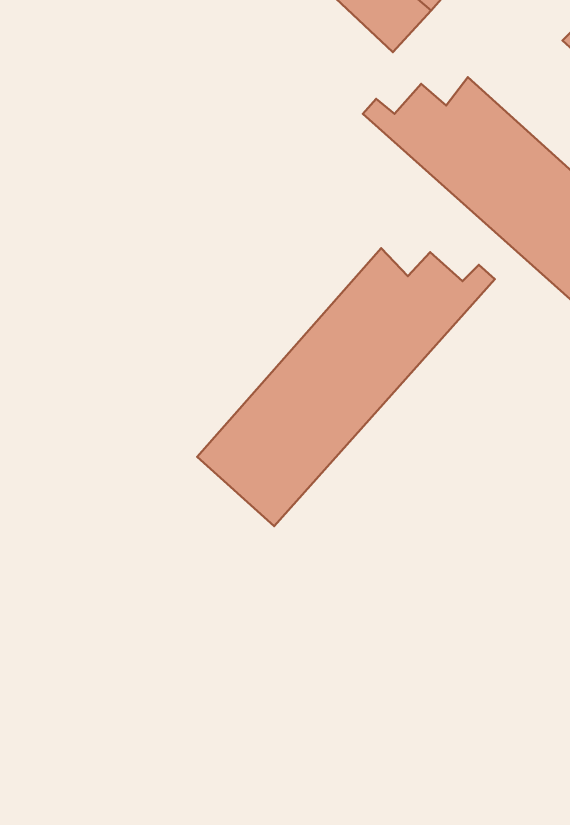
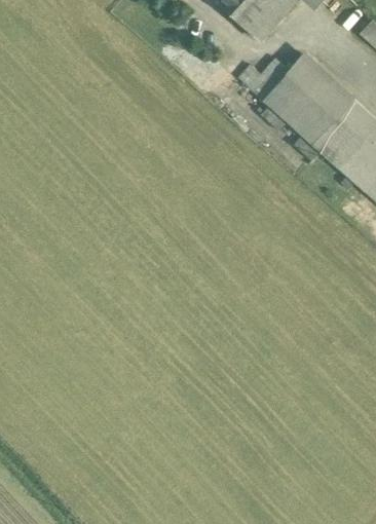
building: [197,248,495,526] -> none

